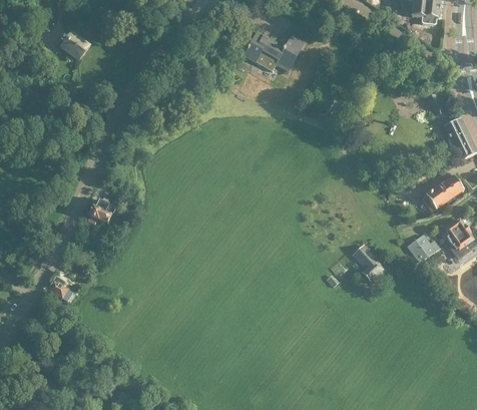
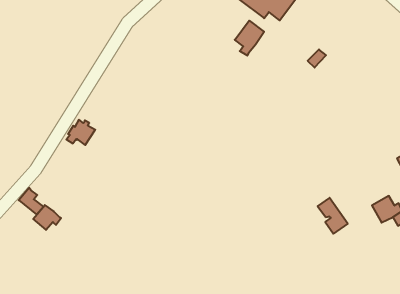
building: none -> [235,21,264,56]
building: none -> [33,205,61,230]

